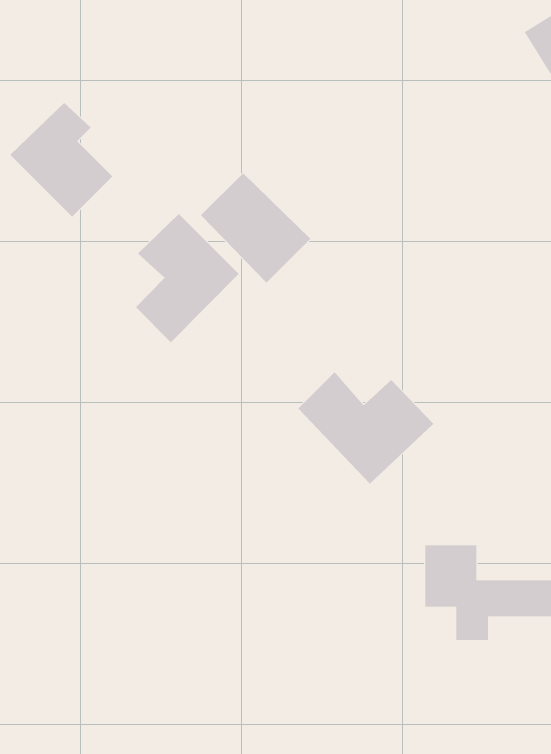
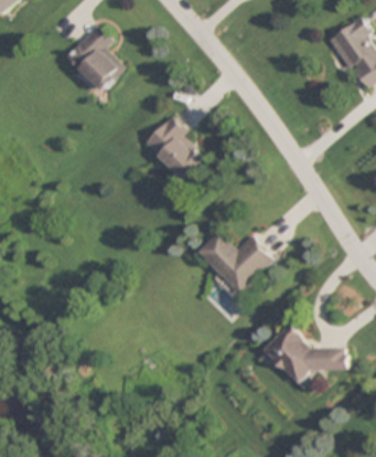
building: [10,102,113,217] -> [65,26,123,92]
building: [135,213,240,343] -> none

